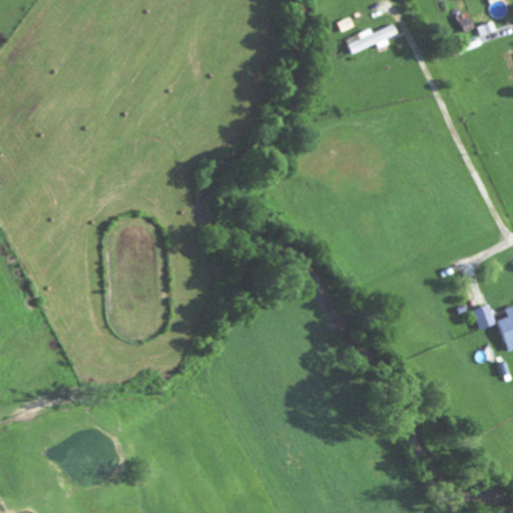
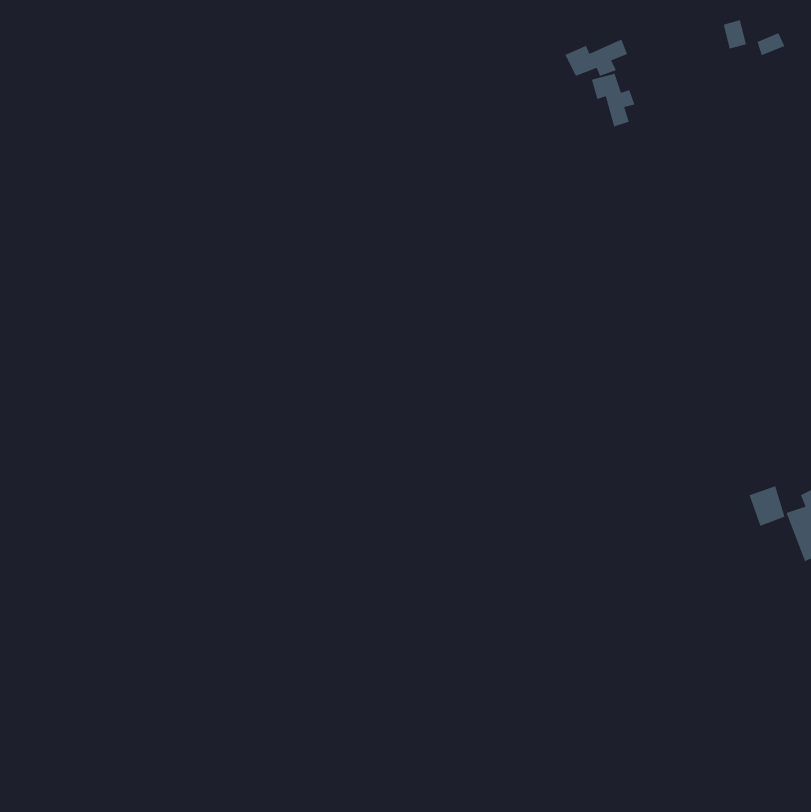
building: none -> [591,73,636,128]

